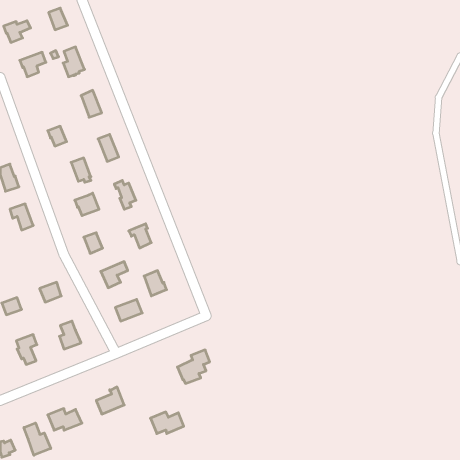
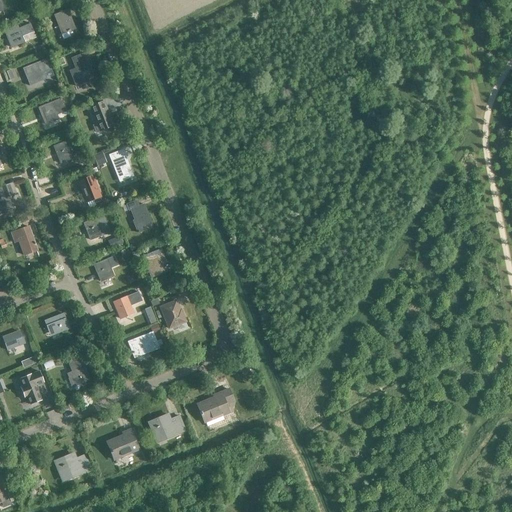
building: none -> [38,97,66,124]
building: [150,412,184,434] -> [148,414,185,438]
building: [24,423,51,455] -> none

